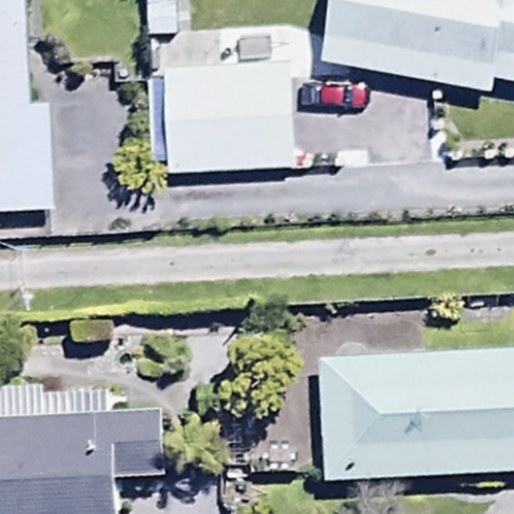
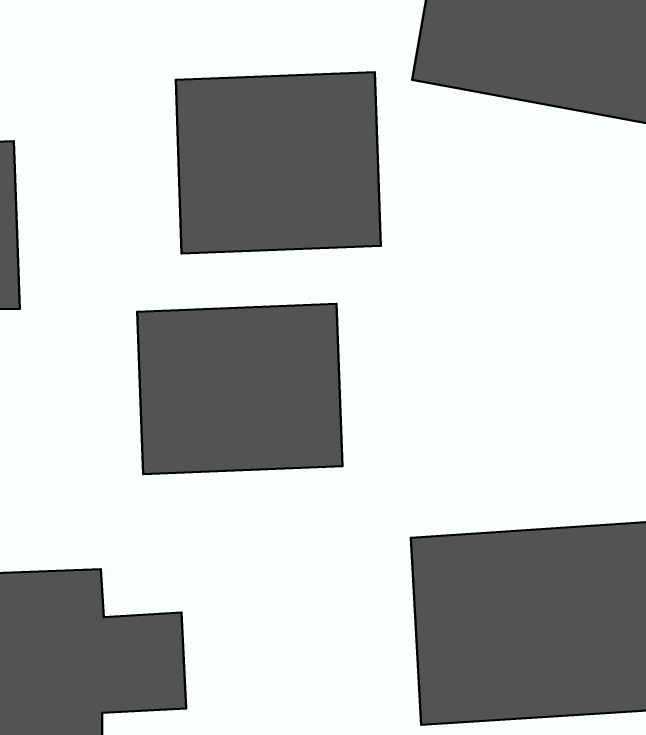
building: none -> [137,304,343,474]

